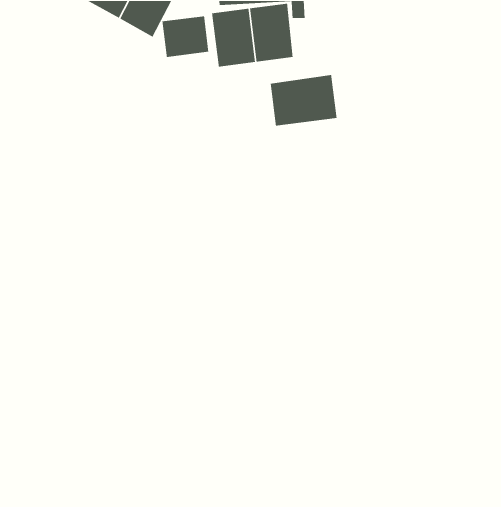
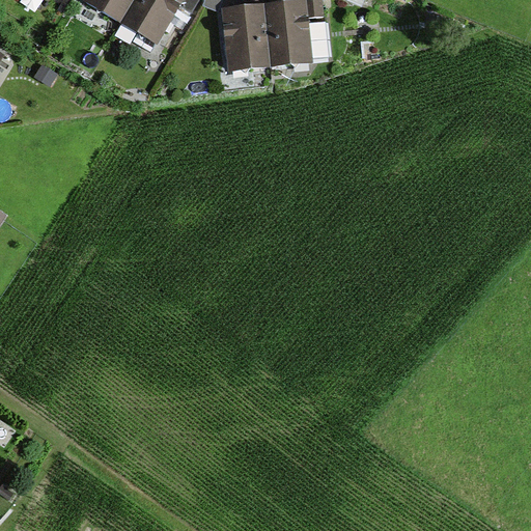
building: [162,15,209,58] -> none
building: [270,74,337,126] -> none

